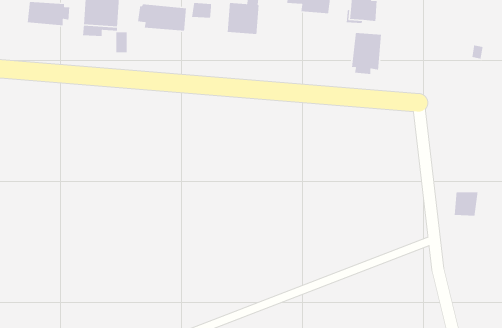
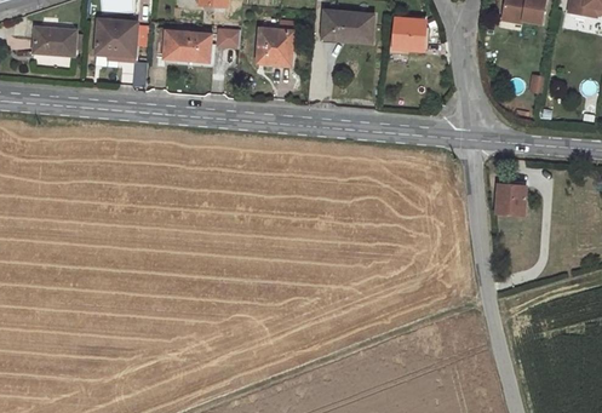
building: [351,32,382,75] -> none
building: [454,192,479,216] -> [497,185,524,213]

